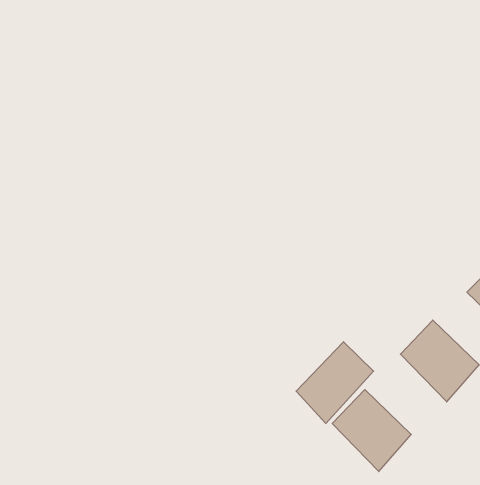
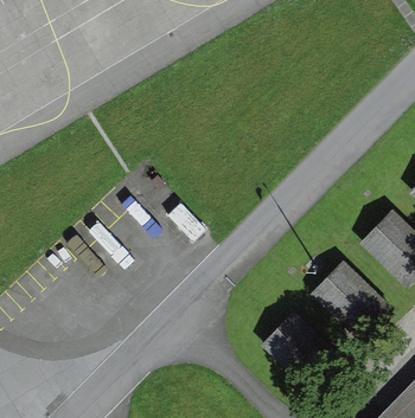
building: [296,342,374,423] -> none

